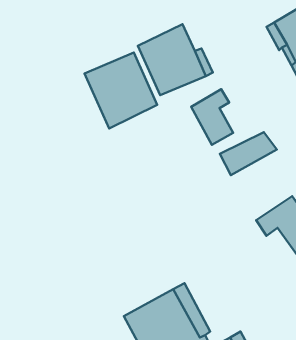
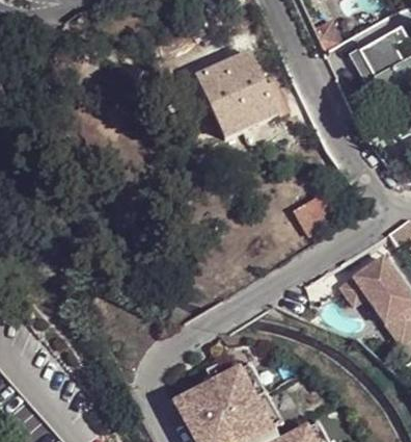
building: [84,52,157,128] -> none
building: [191,89,233,145] -> none

